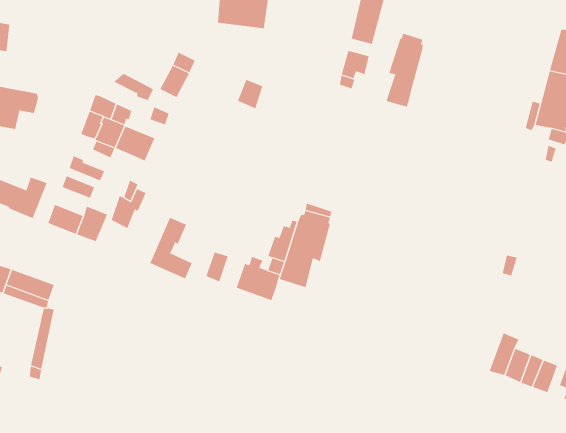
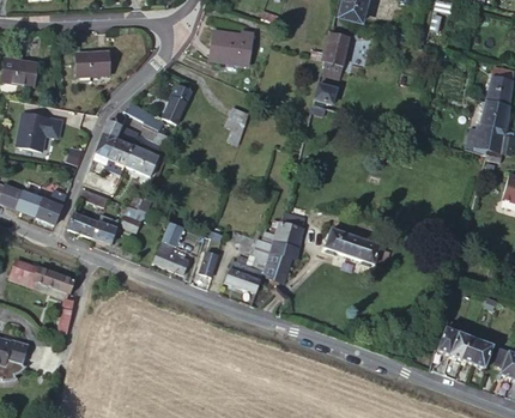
building: none -> [75,50,110,75]
building: [386,33,424,107] -> none
building: none -> [325,229,381,266]

